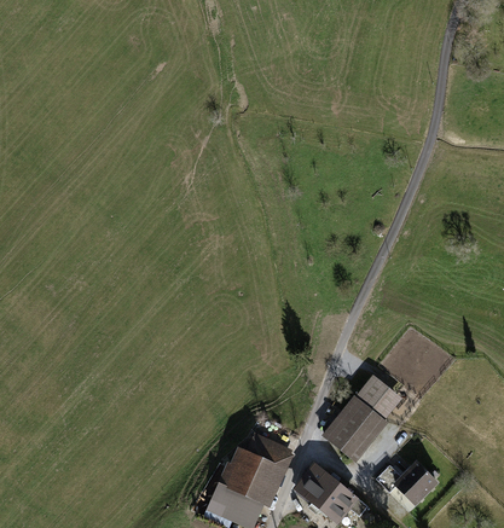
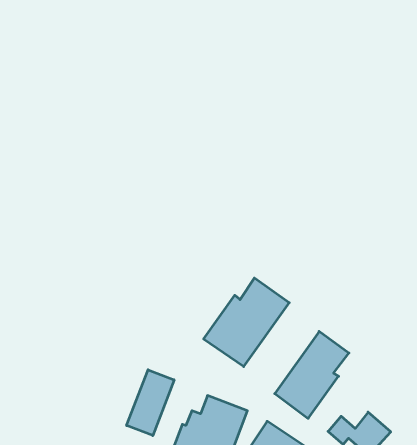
building: none -> [204,278,289,367]
building: none -> [127,370,174,436]

